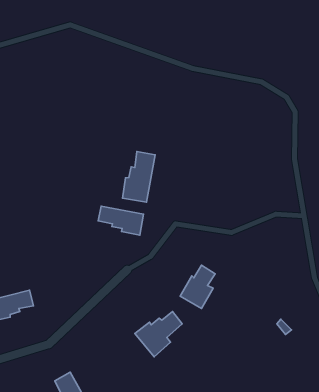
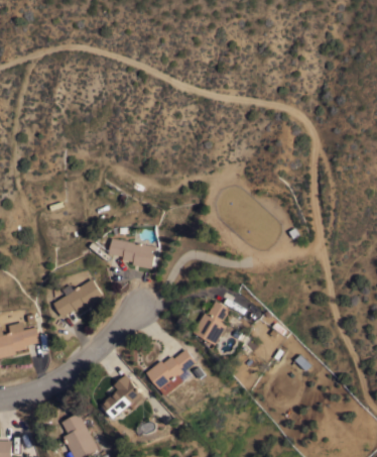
building: [122,152,155,202] -> none
building: none -> [52,278,103,317]
building: none -> [101,375,141,419]

